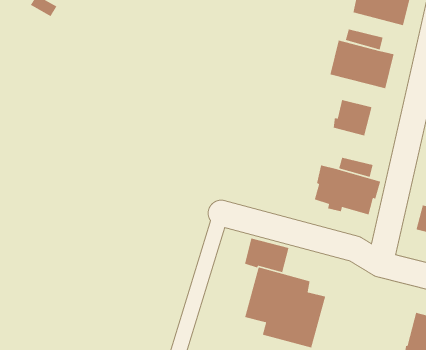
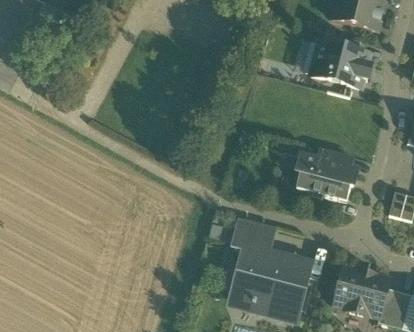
building: [333,99,372,136] -> none
building: none -> [334,266,390,317]

